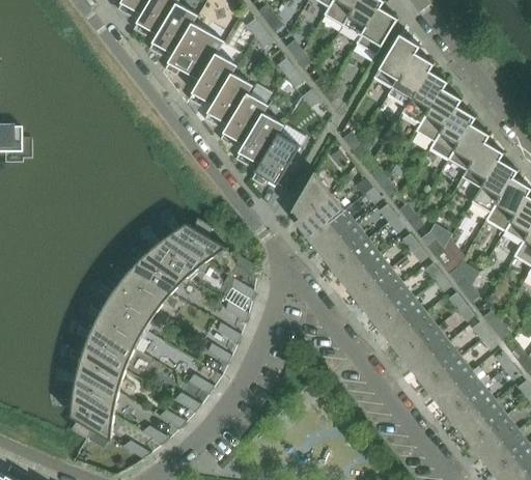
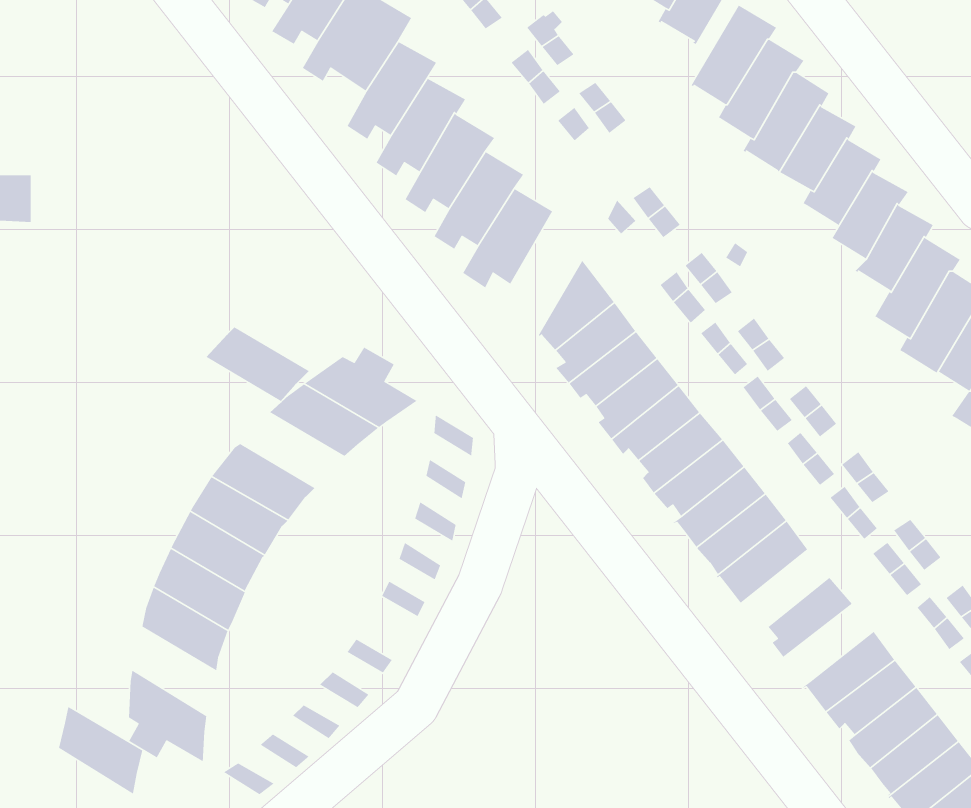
building: [132,253,188,293] -> [205,326,310,402]
building: [400,327,448,368] -> none
building: [423,356,472,397] -> none
building: [74,368,119,416] -> [58,706,143,795]

